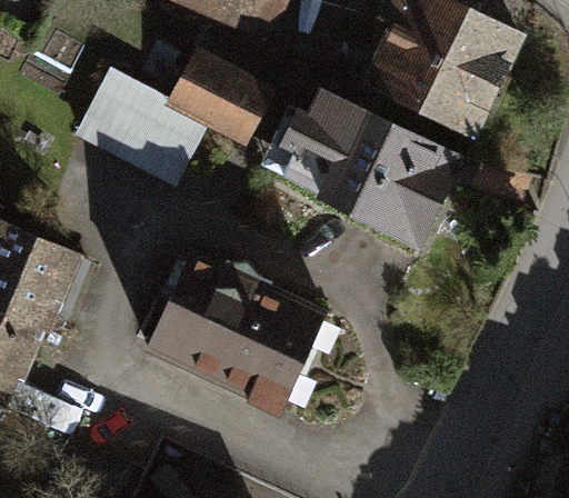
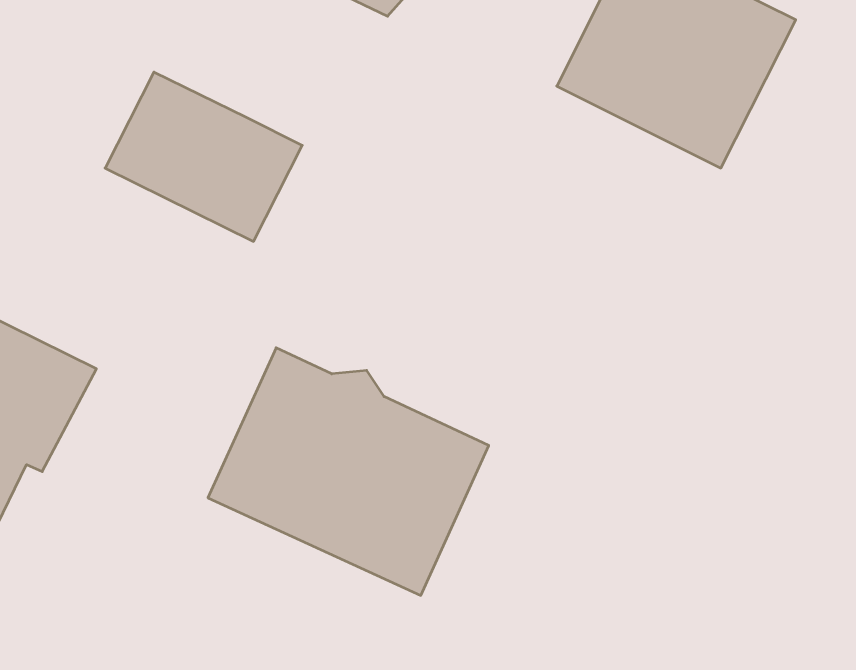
building: [172,58,271,141] -> none
building: [282,93,461,246] -> none

